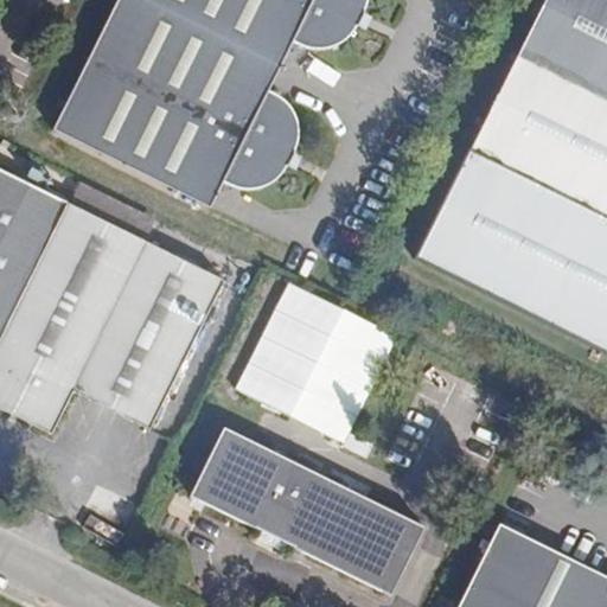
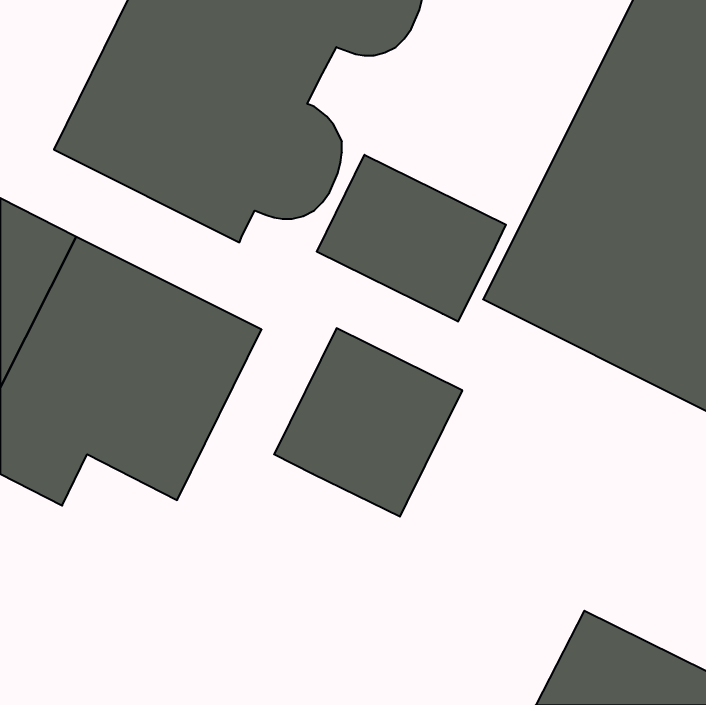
building: none -> [317,155,506,322]
building: [192,427,427,594] -> none

